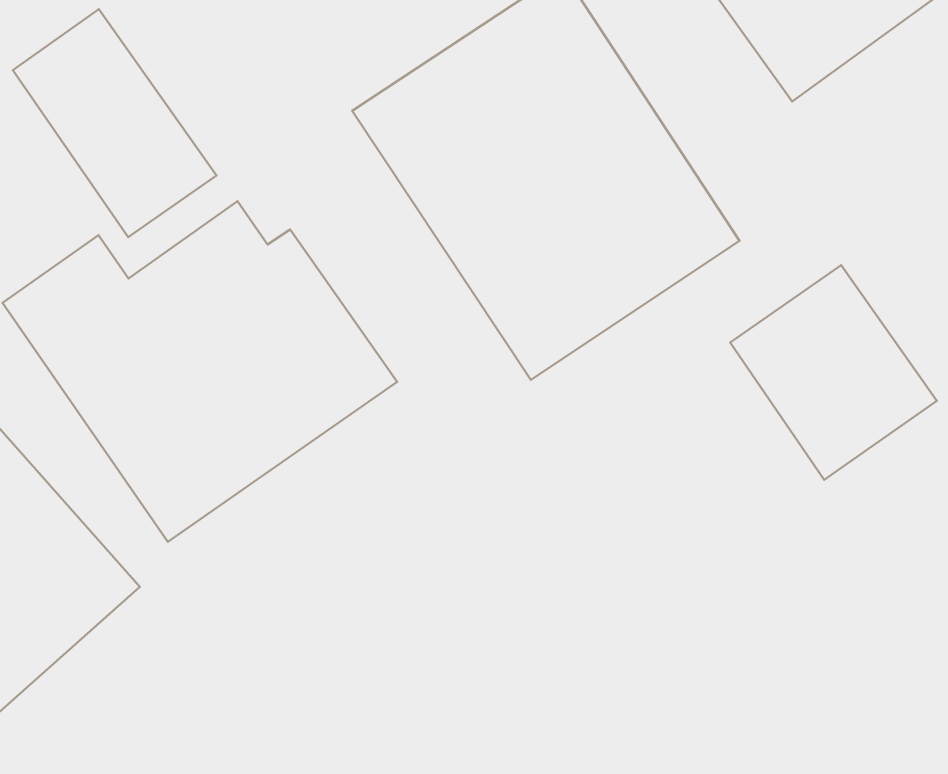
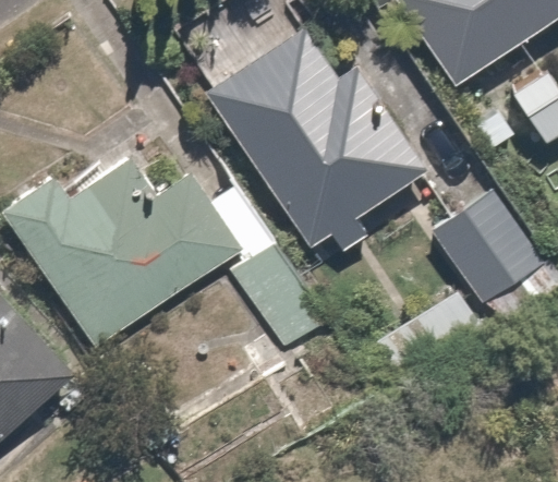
building: [13,9,216,237] -> none

